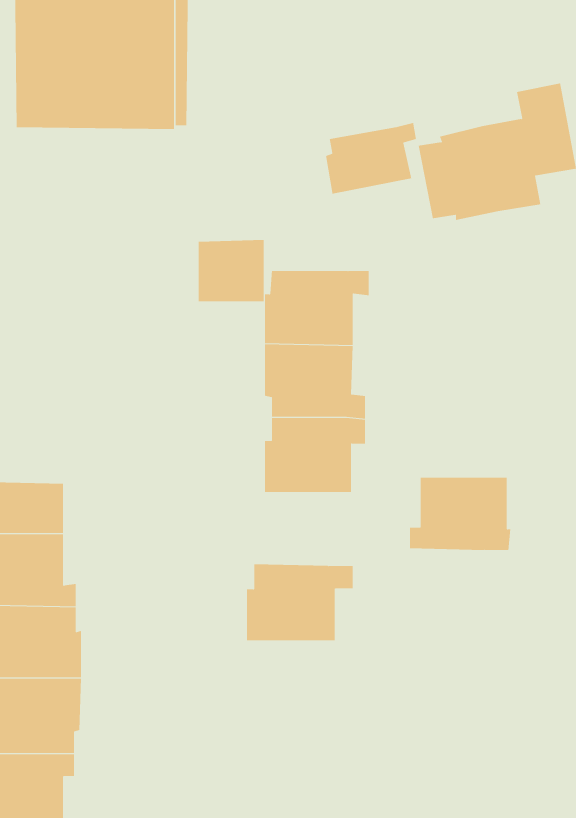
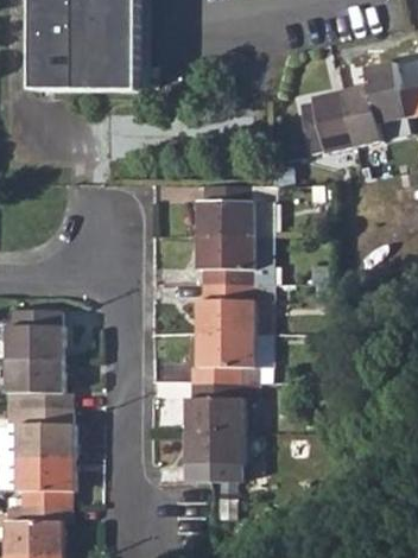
building: [326,122,416,194] -> none
building: [198,239,264,302] -> none
building: [409,477,511,550] -> [190,332,258,381]
building: none -> [185,431,245,482]

